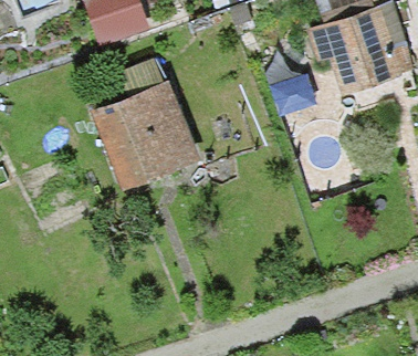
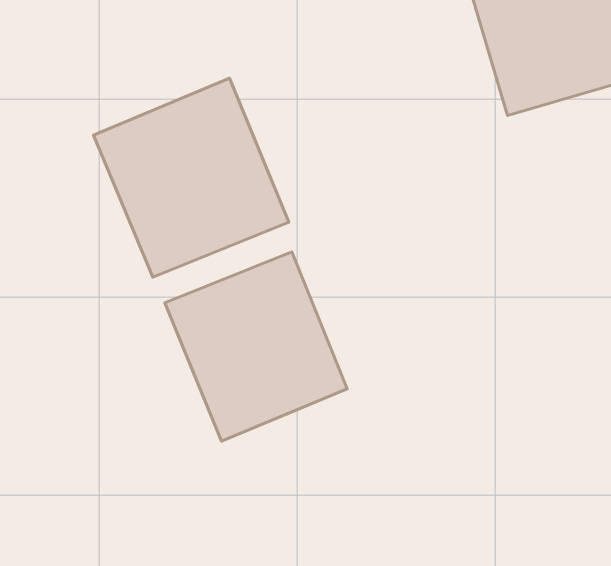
building: none -> [165,252,347,441]

